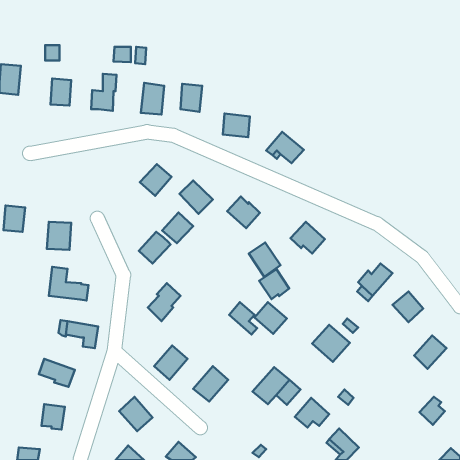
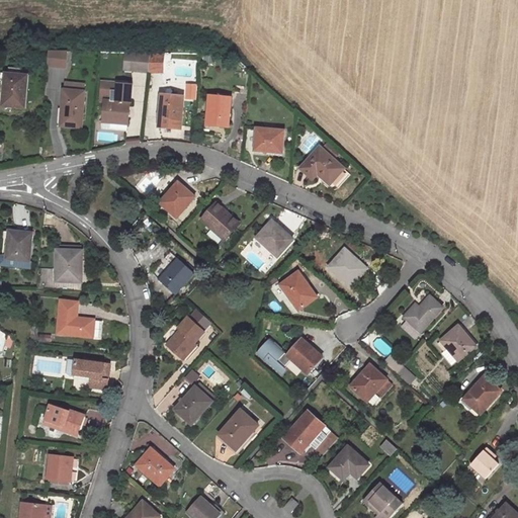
building: [162,212,193,243] -> none
building: [259,269,289,299] -> none

